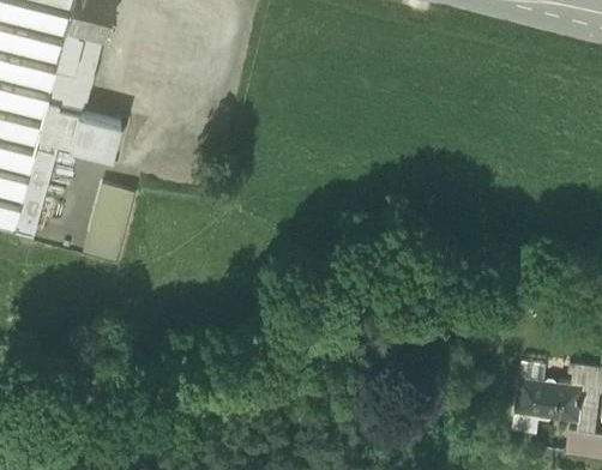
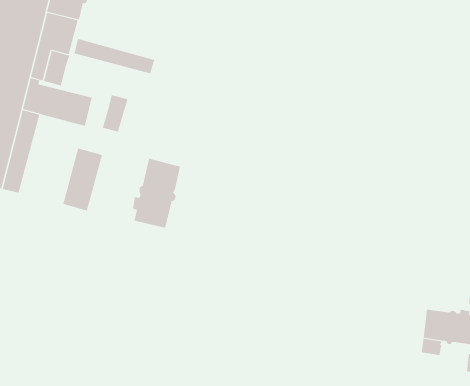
building: none -> [74,38,155,74]
building: none -> [102,93,128,133]
building: none -> [132,158,180,228]

